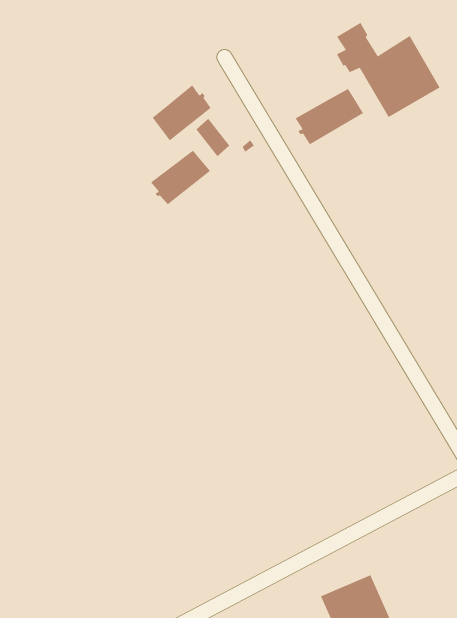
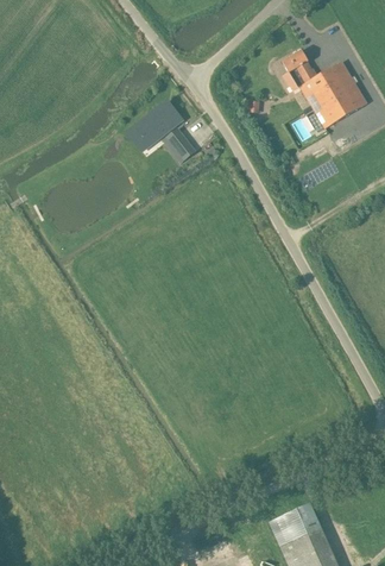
building: [295,88,364,145] -> none
building: [150,150,211,205] -> none

